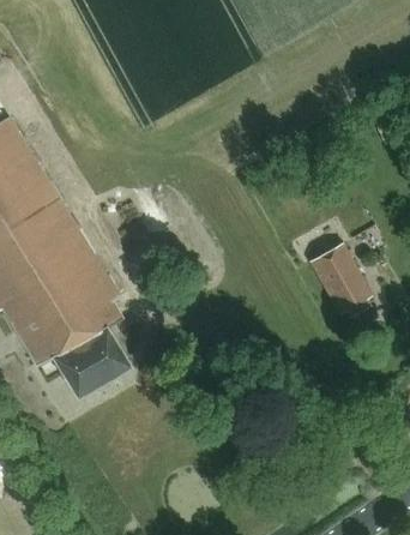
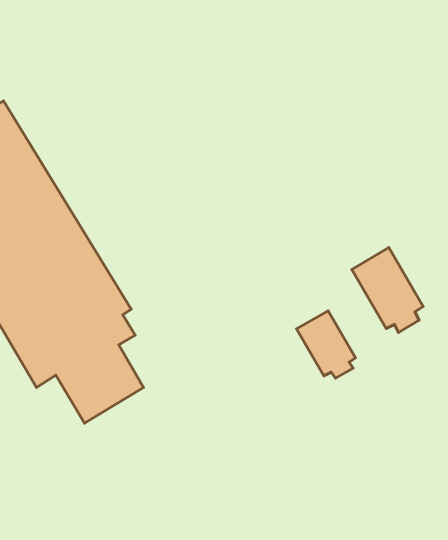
building: none -> [297,311,356,378]

